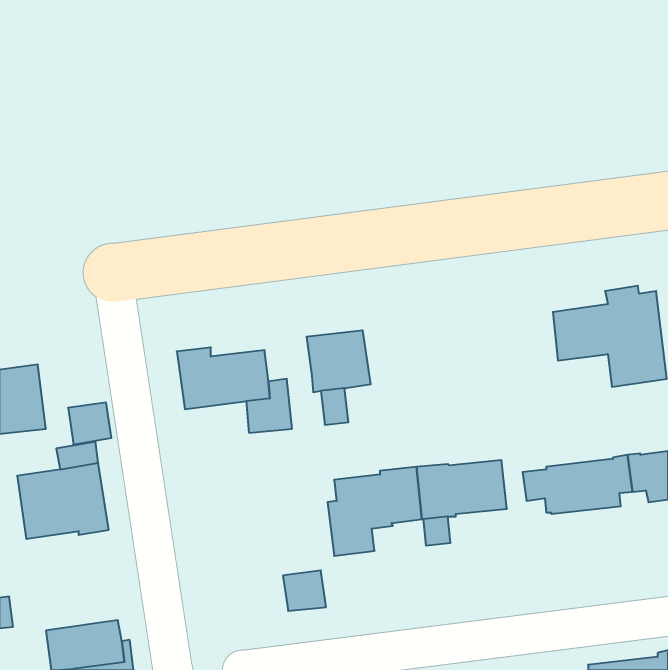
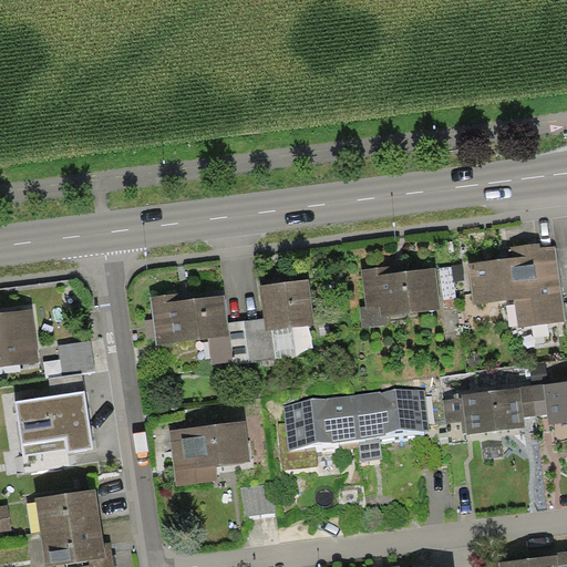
building: none -> [359,266,440,329]
building: none -> [243,318,275,362]
building: none -> [168,421,249,485]
building: none -> [34,489,100,533]

